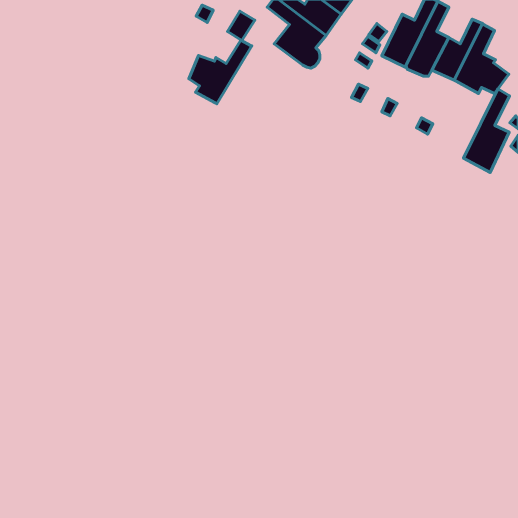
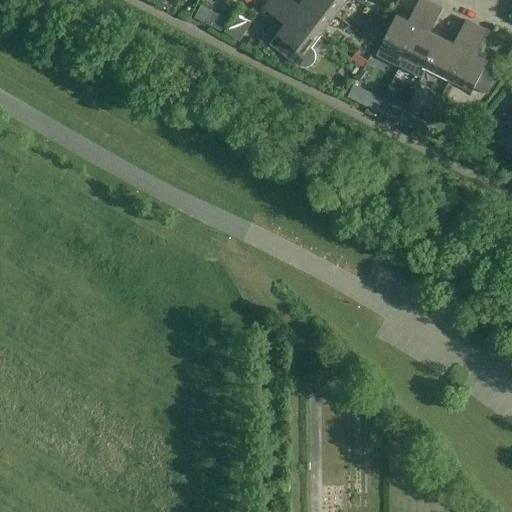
building: [189,40,252,104] -> none
building: [463,89,510,173] -> none

